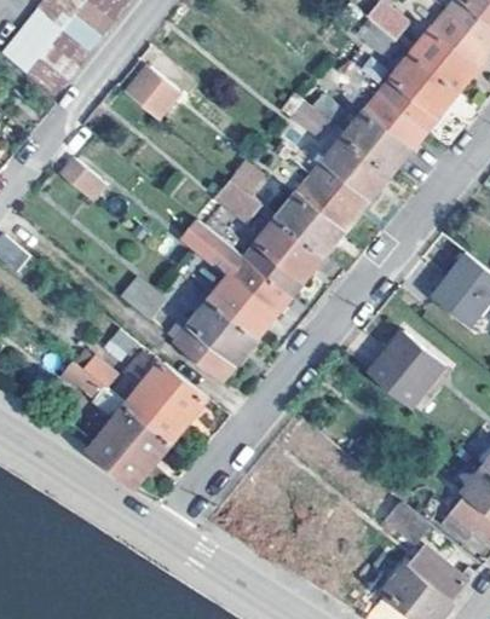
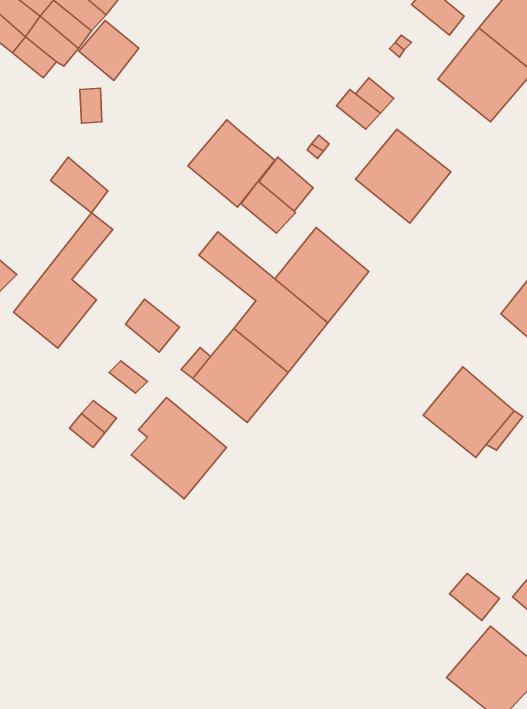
building: [122,68,172,117] -> [79,20,139,81]
building: [344,96,421,172] -> none
building: none -> [188,120,275,207]
building: [277,178,354,254] -> none
building: none -> [14,213,113,348]
building: [91,405,168,482] -> none

